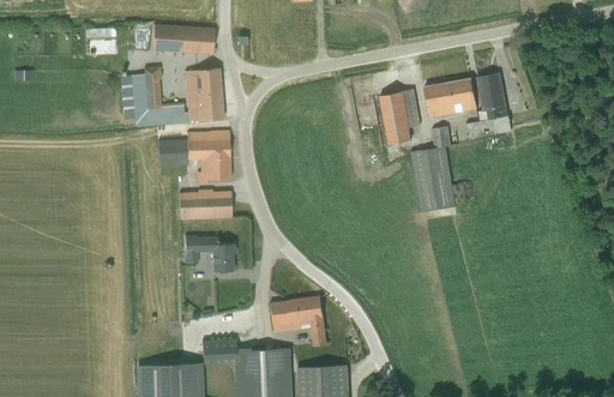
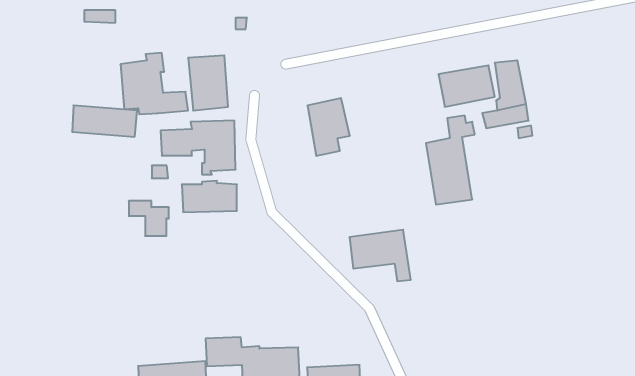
building: [151,24,213,54] -> [72,105,137,137]
building: [380,89,421,144] -> [307,98,350,156]
building: [195,236,234,270] -> [129,201,169,236]
building: [269,295,327,344] -> [349,230,411,281]

